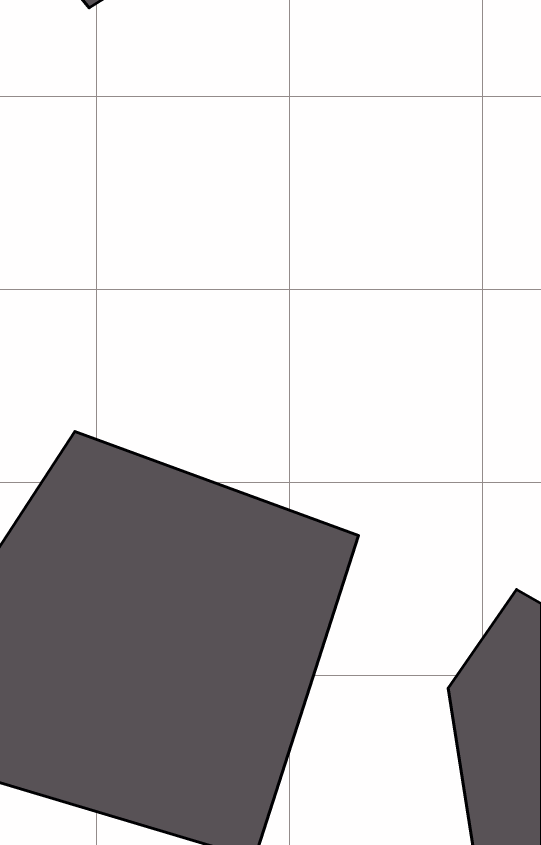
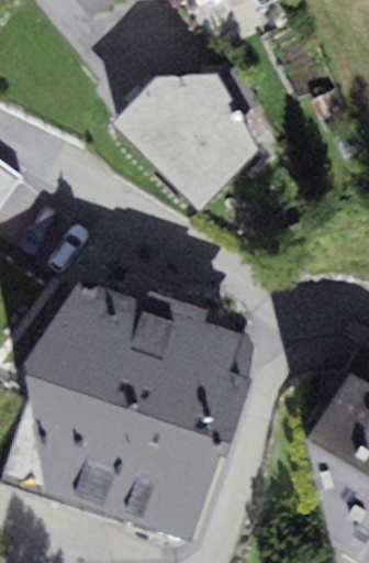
building: none -> [115,75,259,213]

